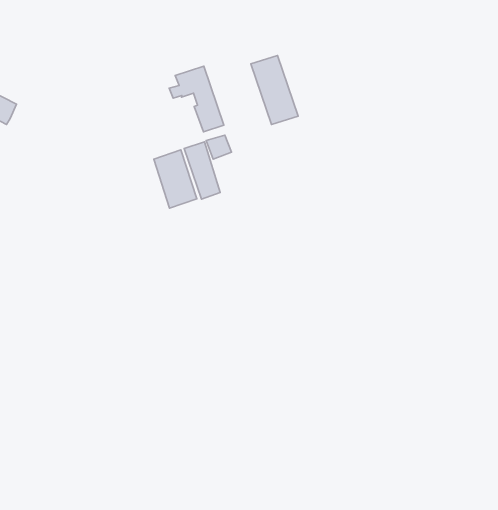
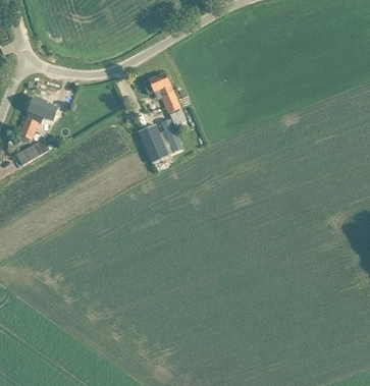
building: [251,56,298,125] -> none

